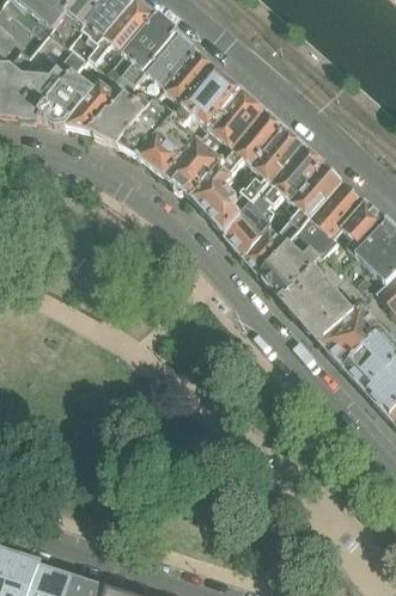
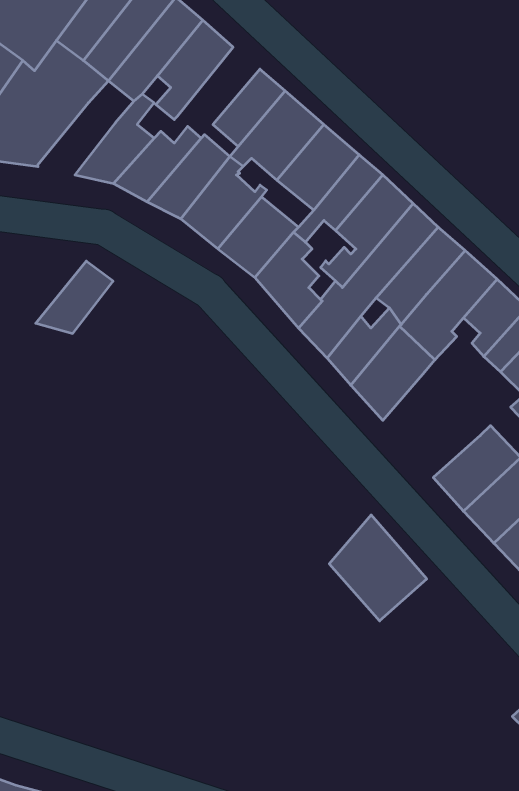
building: [139,35,197,99] -> none
building: [39,74,95,125] -> [36,261,113,333]
building: [285,265,354,340] -> [329,515,427,621]

